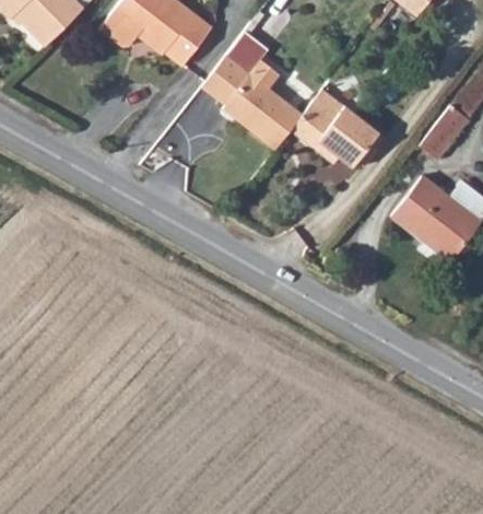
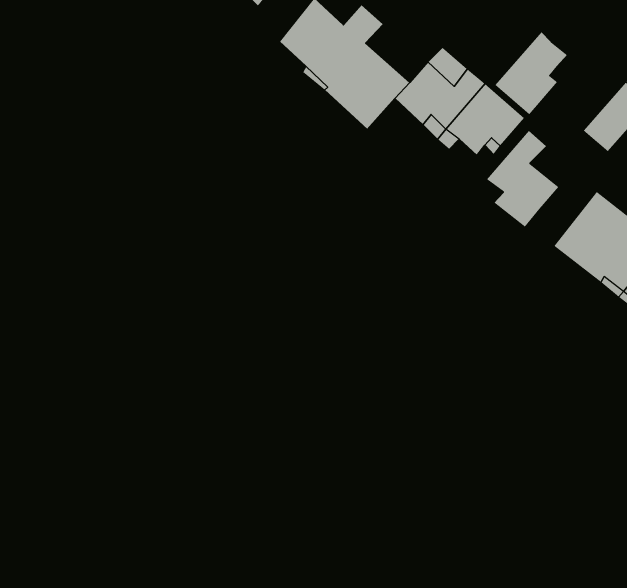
building: none -> [495,31,568,115]
building: none -> [486,130,559,227]

